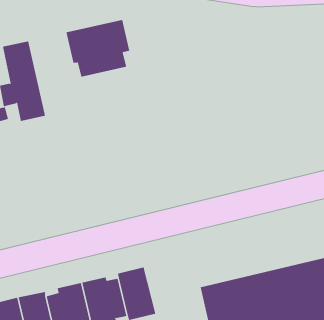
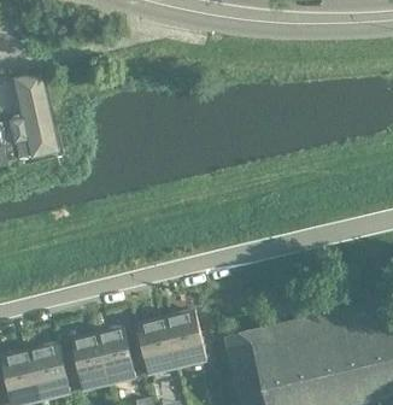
building: [66,19,130,77] -> none
building: none -> [164,310,205,366]

